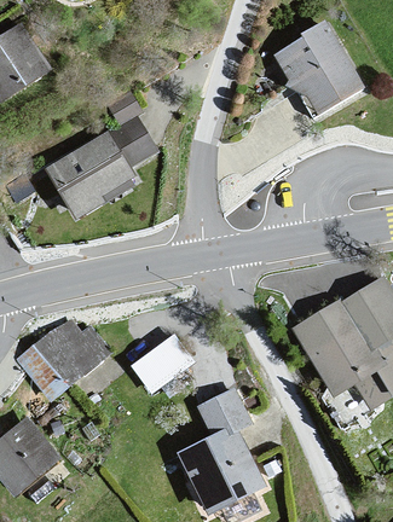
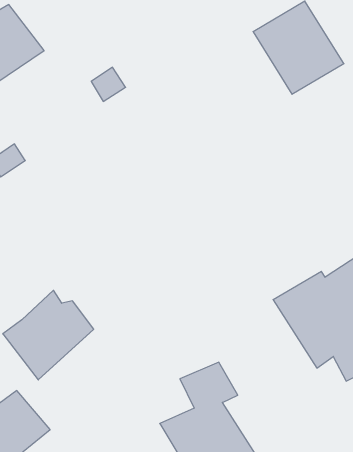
building: [42,116,155,218] -> none
building: [128,327,192,385] -> none

